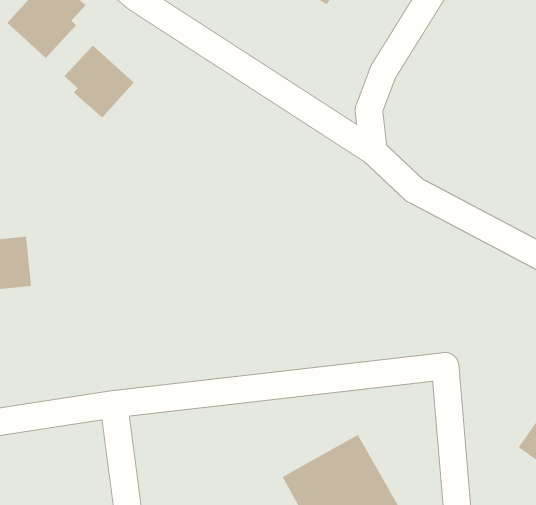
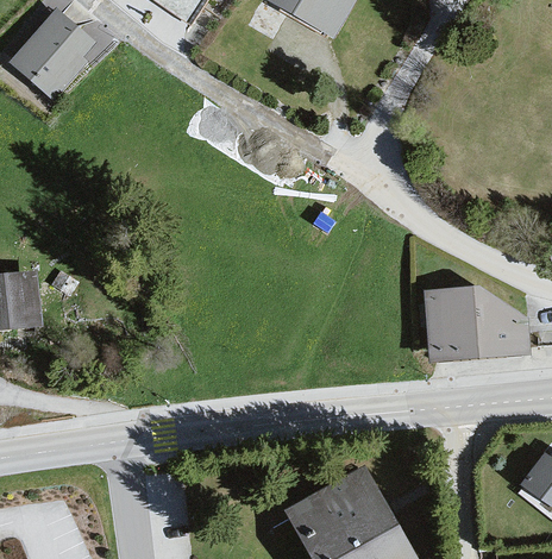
building: [63,45,134,119] -> none
building: none -> [403,290,522,358]

